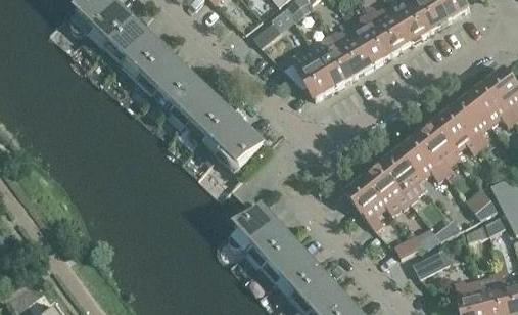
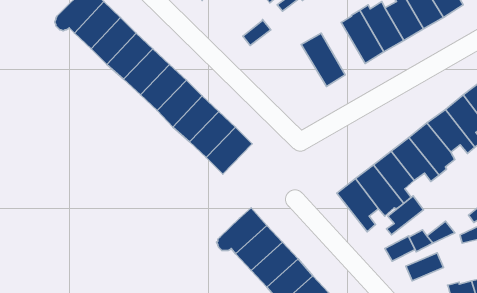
building: [331,25,374,76] -> none
building: [291,46,336,99] -> none
building: none -> [387,196,423,235]

